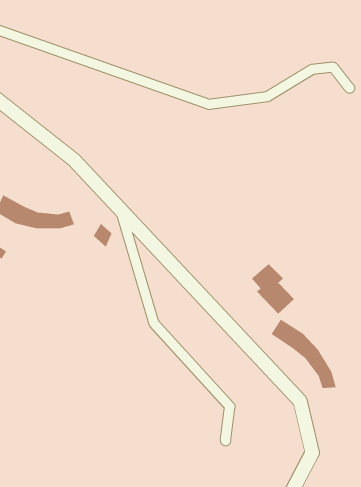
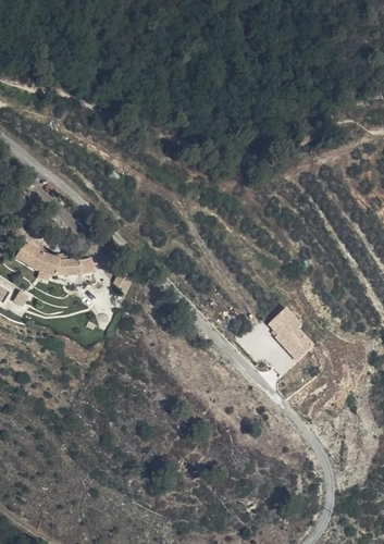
building: [271,318,337,389] -> none

